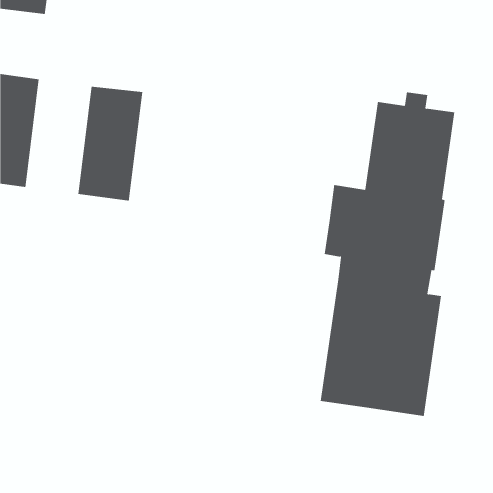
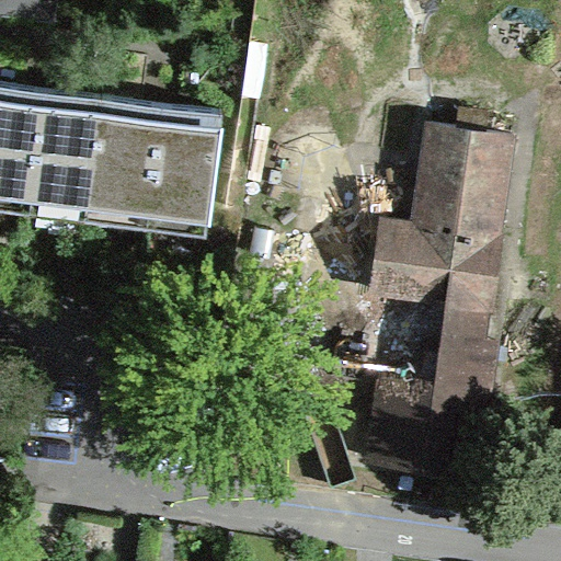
building: none -> [30,90,103,220]
building: none -> [147,104,222,236]

